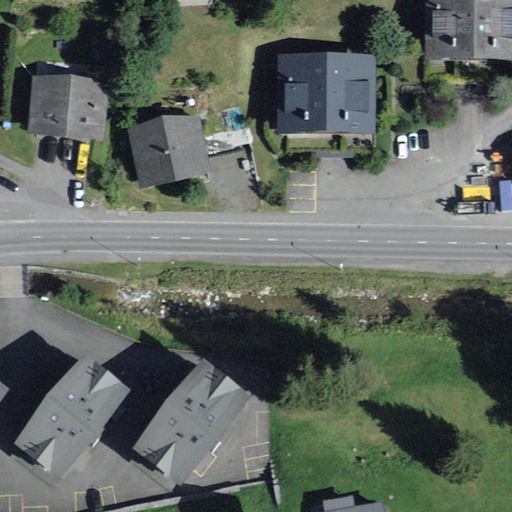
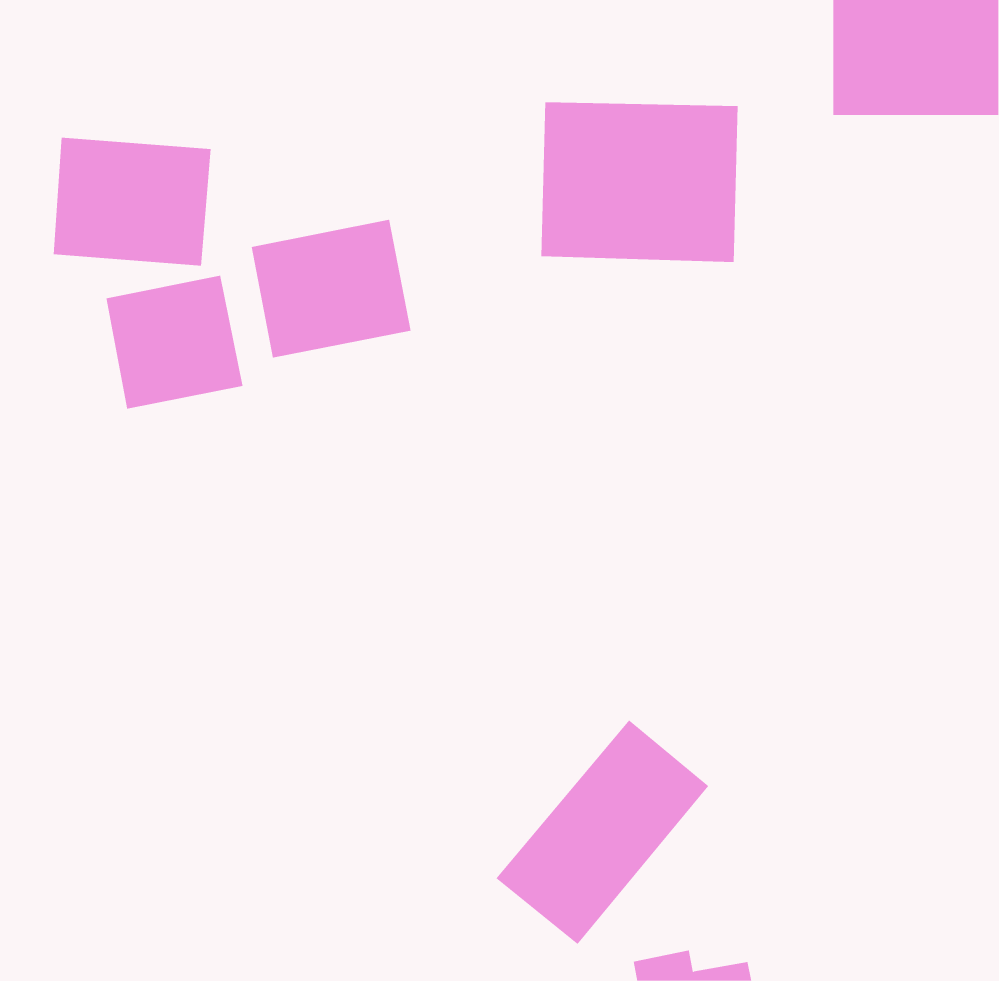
building: none -> [106,275,243,410]
building: [16,360,132,479] -> none
building: [137,368,246,483] -> [496,719,709,945]

